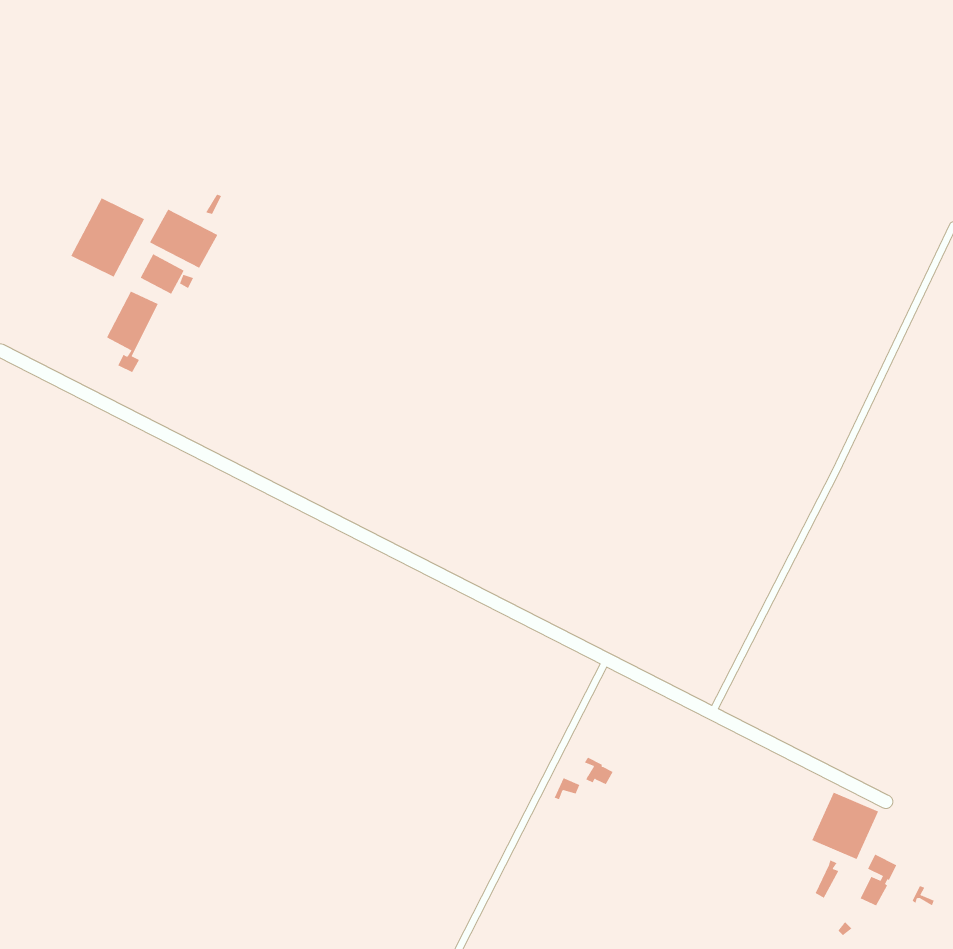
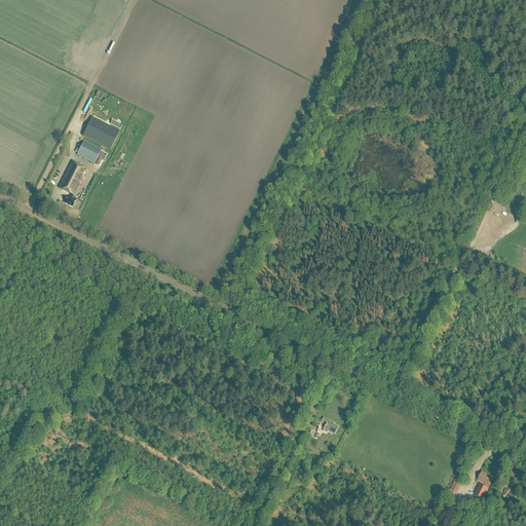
building: [71,197,145,278] -> none
building: [812,792,879,860] -> none

